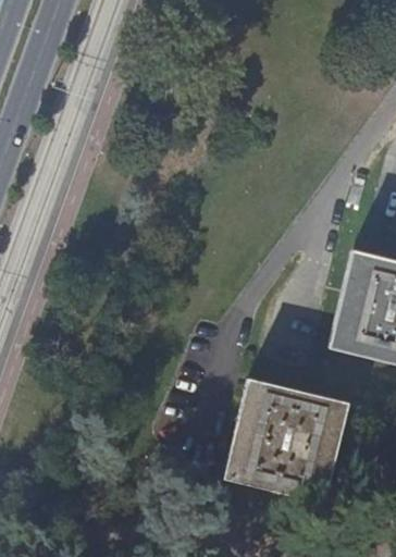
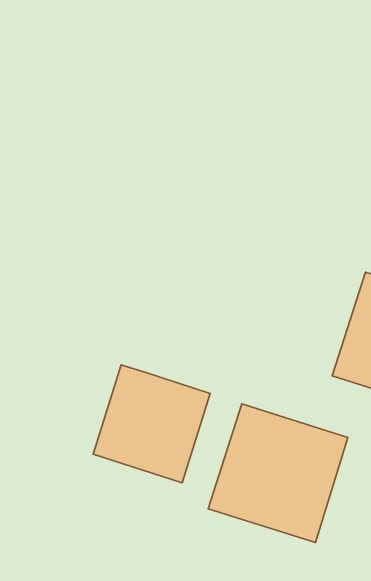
building: none -> [93,365,210,483]

